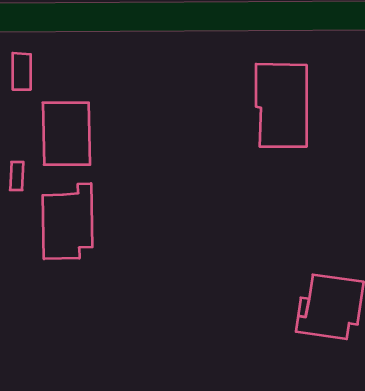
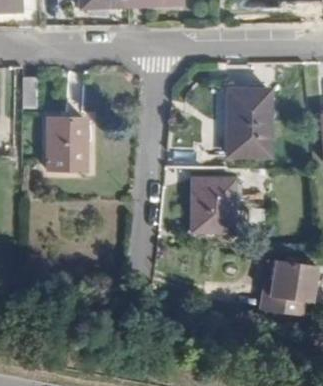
building: none -> [193,179,235,232]
building: [43,183,92,259] -> none

